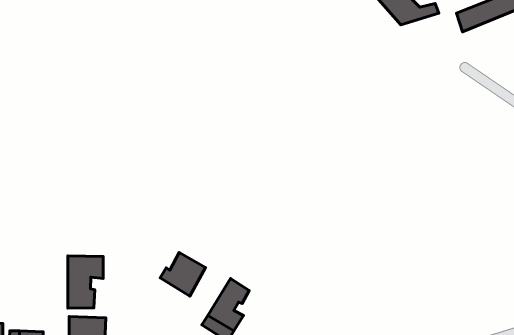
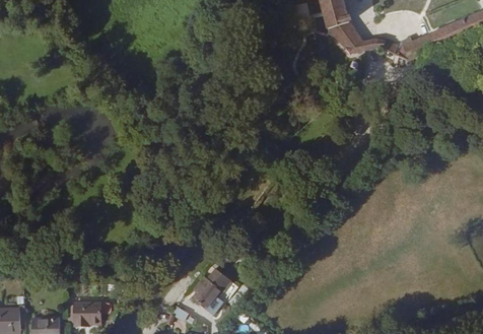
building: [160,252,206,296] -> none
building: [68,256,103,308] -> none

